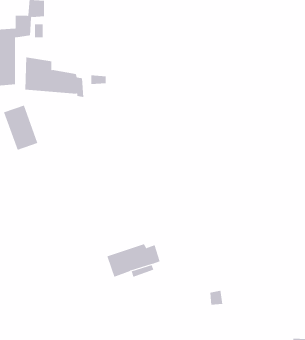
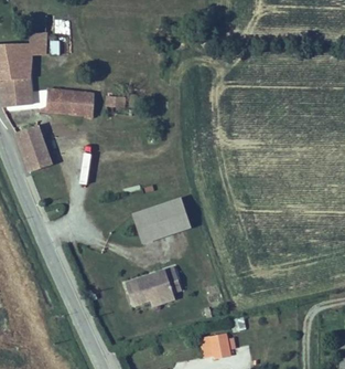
building: none -> [132,196,192,243]
building: none -> [198,336,229,359]

